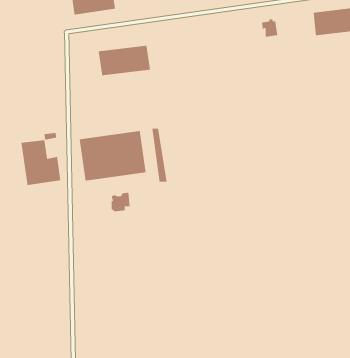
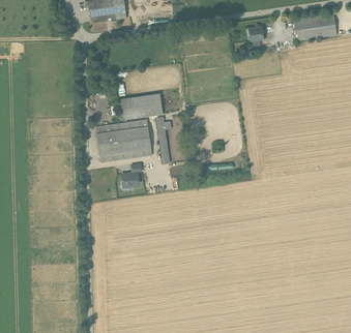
building: [98,45,151,76] -> [118,93,163,119]
building: [21,132,61,186] -> none

